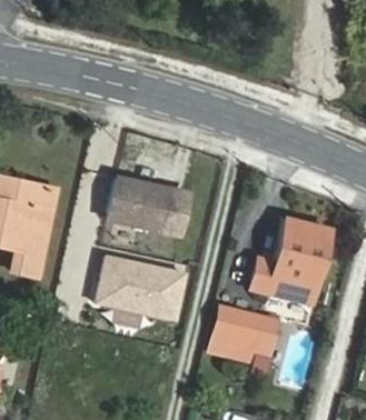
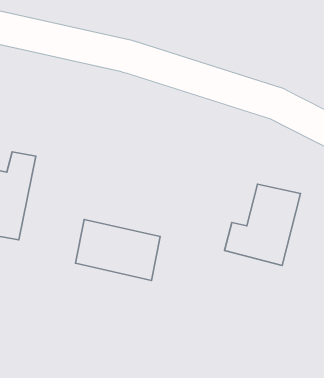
building: [108,177,169,231] -> none
building: [211,307,277,363] -> none

